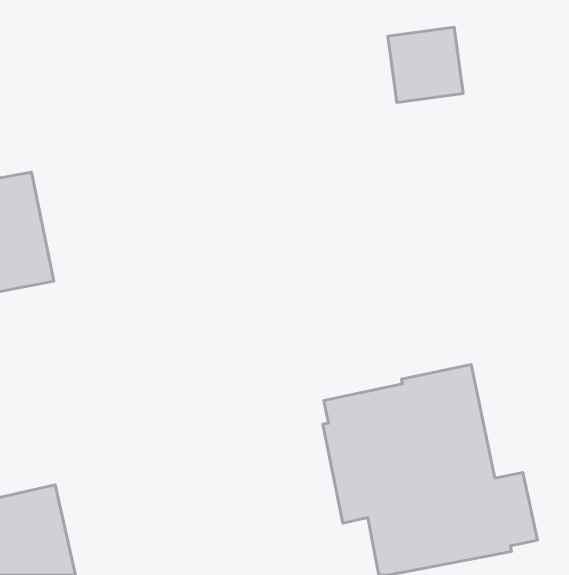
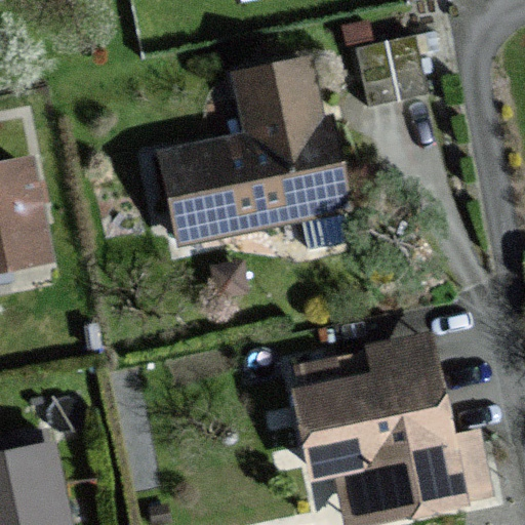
building: none -> [161,57,351,239]

